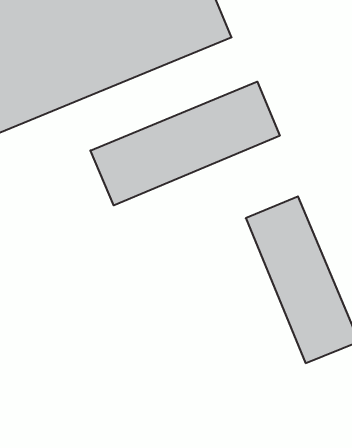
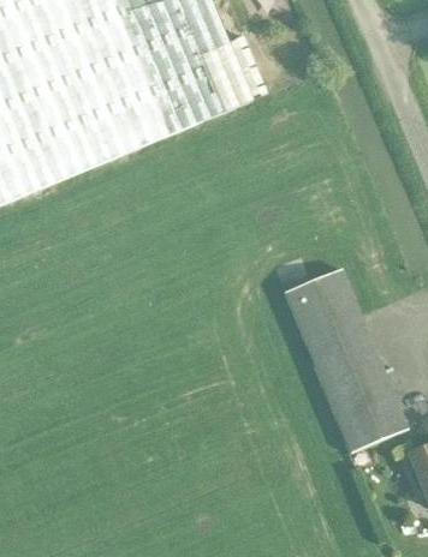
building: [90,82,280,205] -> none

